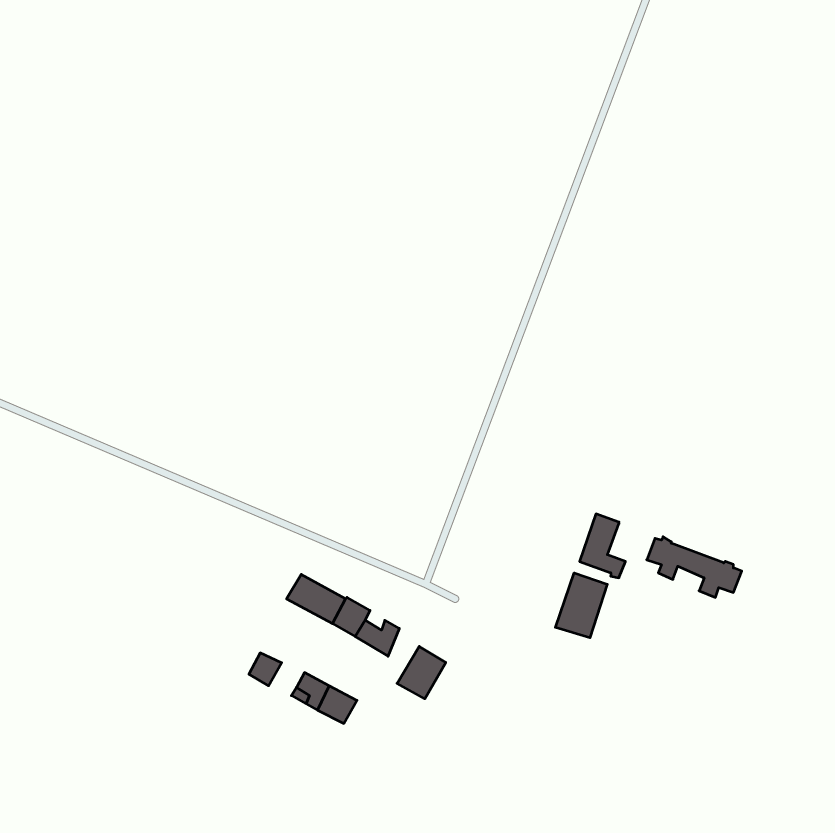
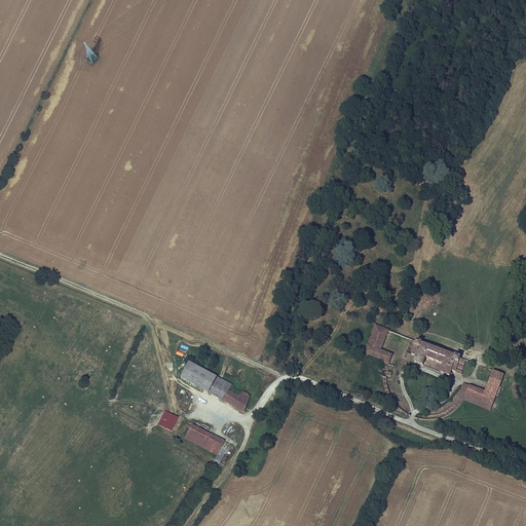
building: [555,573,607,638] -> none
building: none -> [453,369,503,409]
building: [397,646,446,699] -> none

